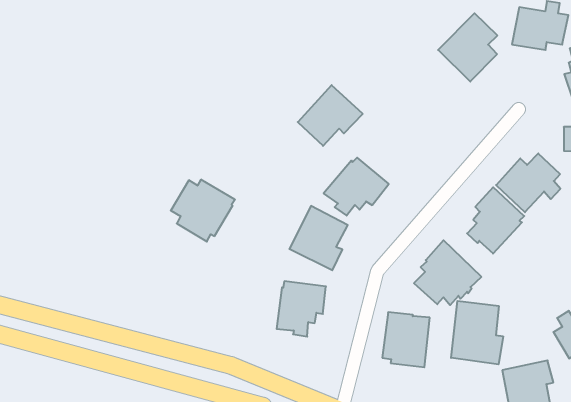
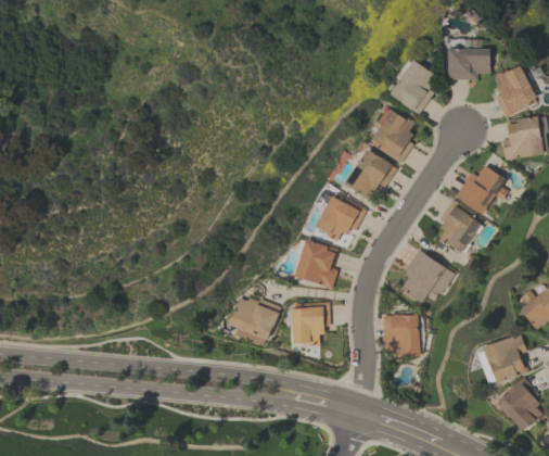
building: none -> [371,110,414,164]
building: [298,85,363,146] -> [344,149,396,200]
building: [171,180,235,242] -> [229,295,280,345]
building: [451,301,503,364] -> none

